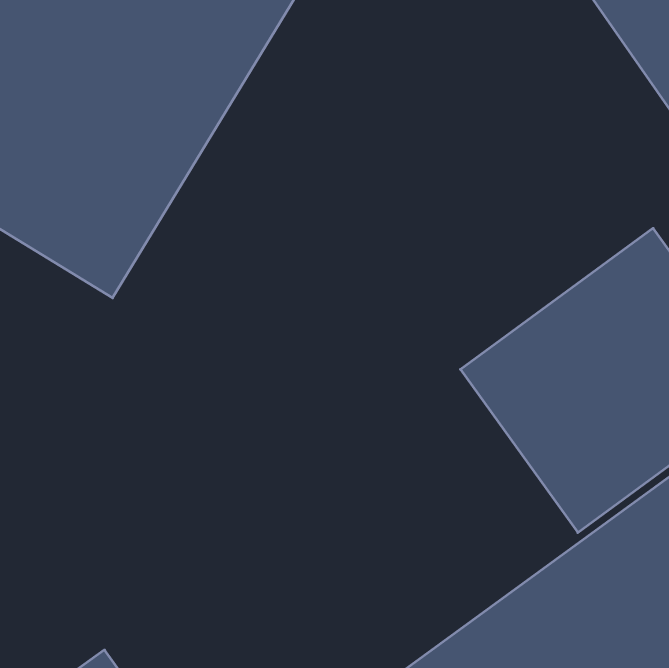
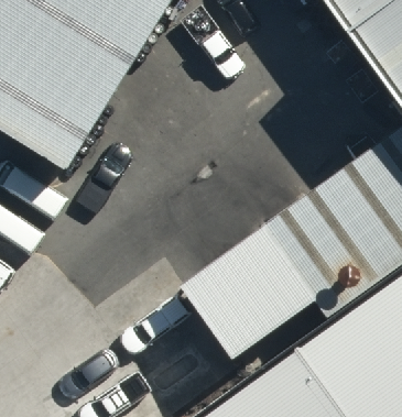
building: none -> [196,238,317,365]

